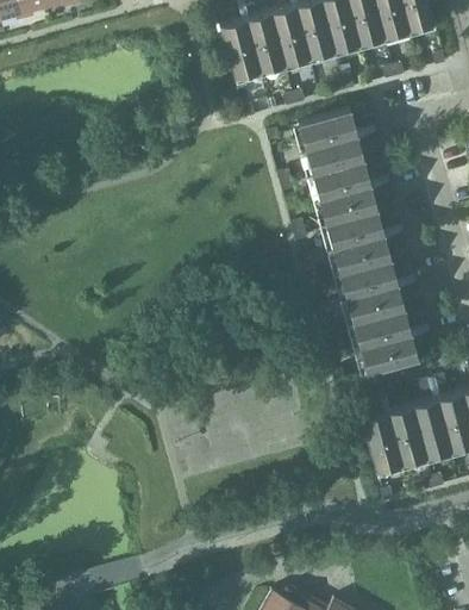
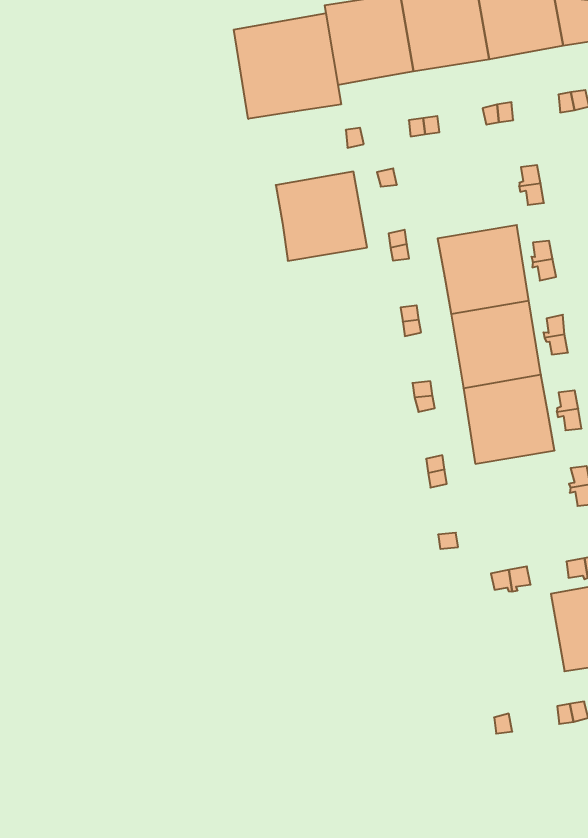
building: none -> [234,13,341,119]
building: [299,112,364,176] -> [276,172,367,261]
building: [352,311,418,375] -> none
building: [362,407,426,473] -> none

